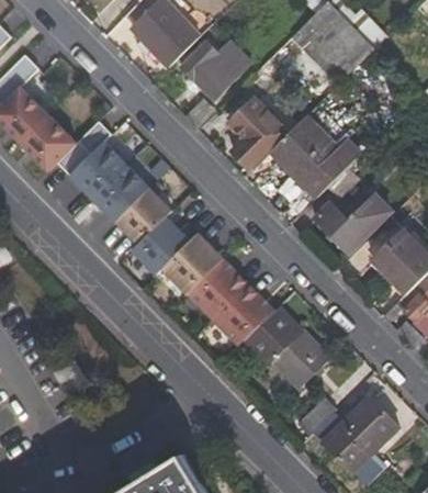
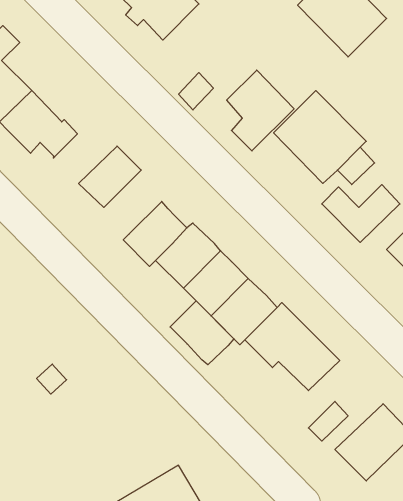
building: [179,38,250,100] -> none
building: [69,119,127,198] -> none
building: [115,186,173,244] -> none
building: none -> [170,301,234,365]

